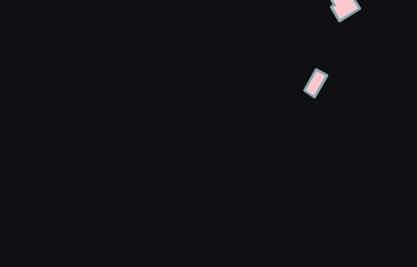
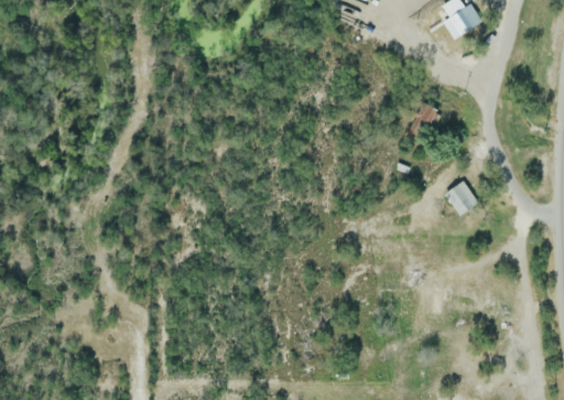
building: none -> [446,180,478,213]

